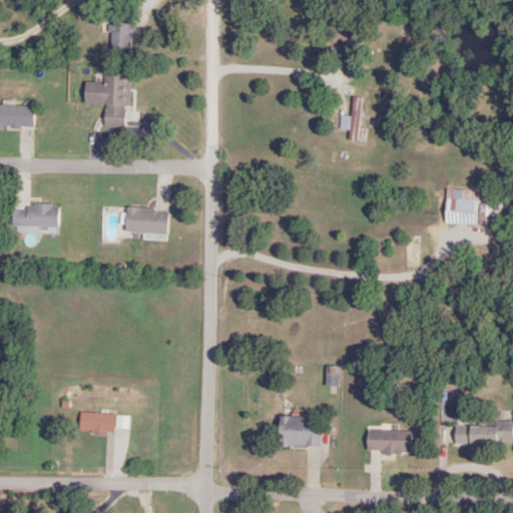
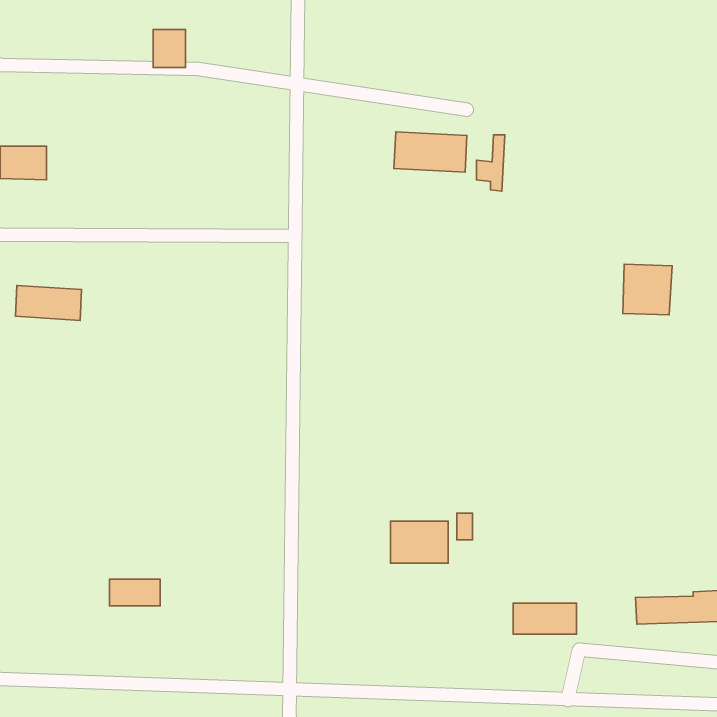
building: [84,72,130,125] -> none
building: none -> [394,132,467,172]
building: [125,207,168,232] -> none
building: [280,416,321,446] -> [390,521,448,563]

